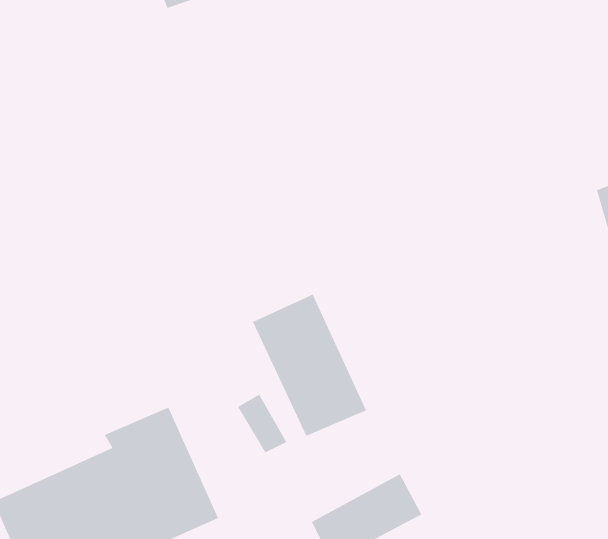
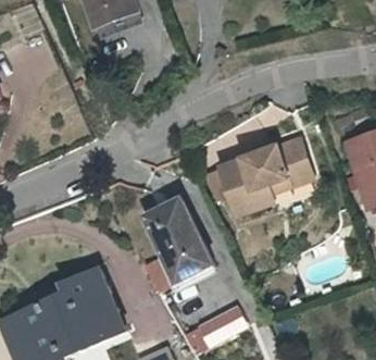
building: none -> [218,136,310,210]

